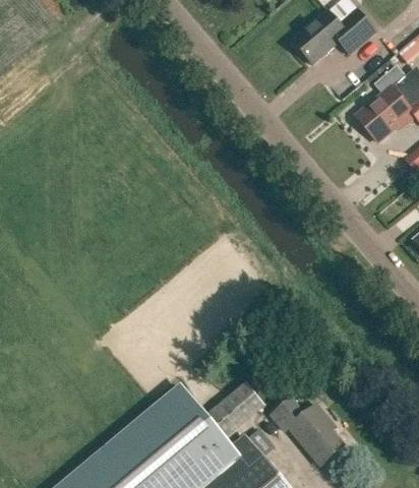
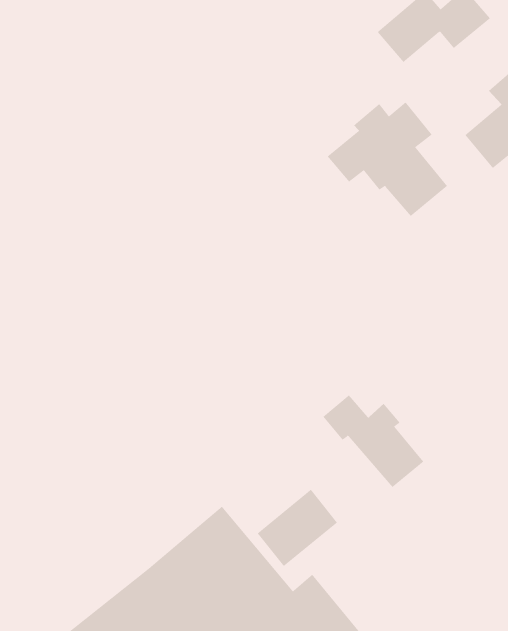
building: none -> [327,101,448,217]
building: [271,398,345,466] -> [323,395,424,488]

